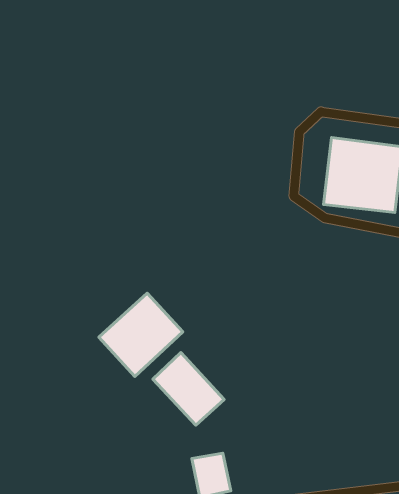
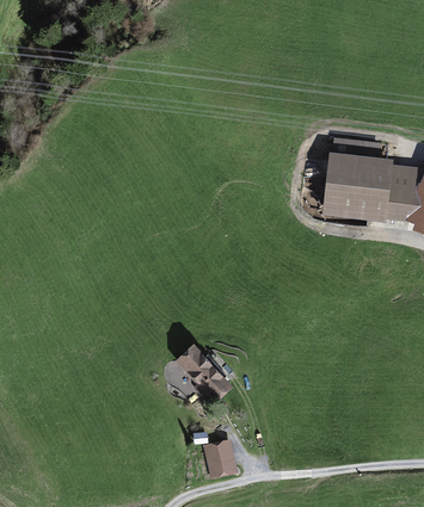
building: [99,293,183,377] -> none

